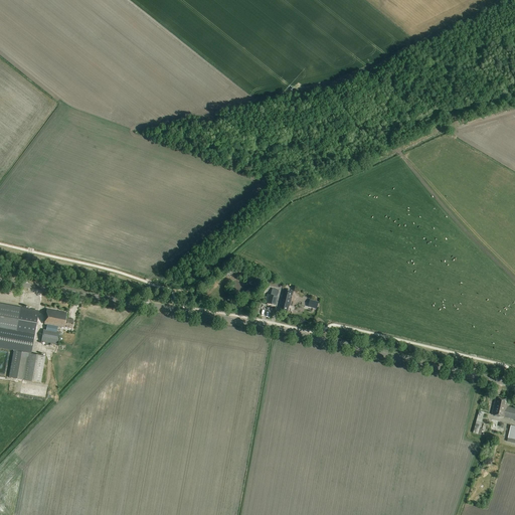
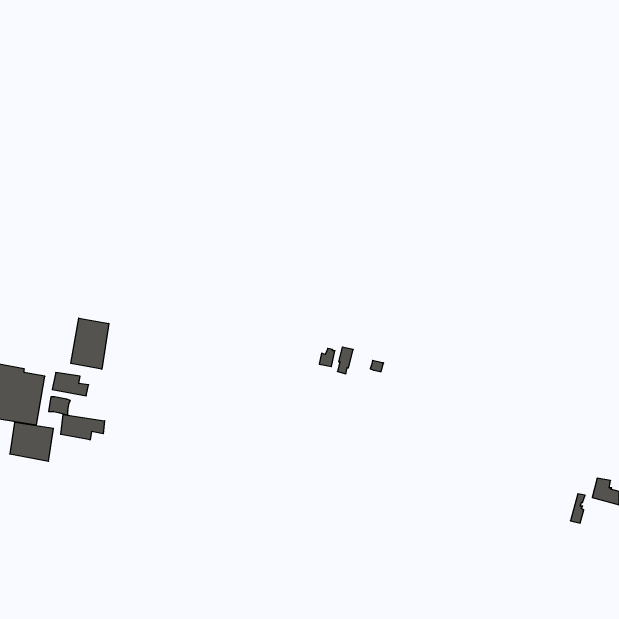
building: none -> [71,318,109,369]
building: none -> [61,414,105,440]

